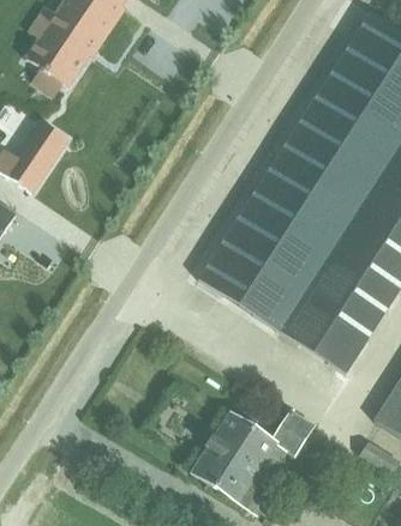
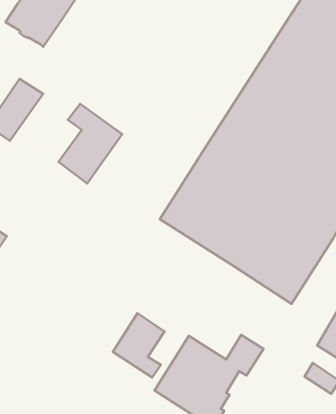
building: none -> [59,104,122,184]
building: none -> [113,313,164,378]

